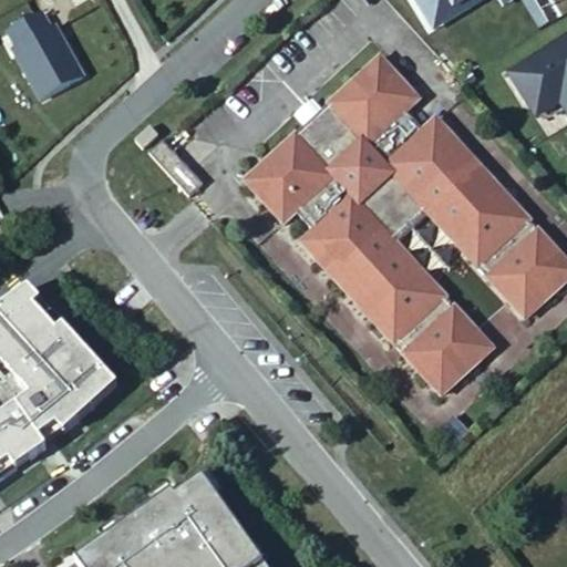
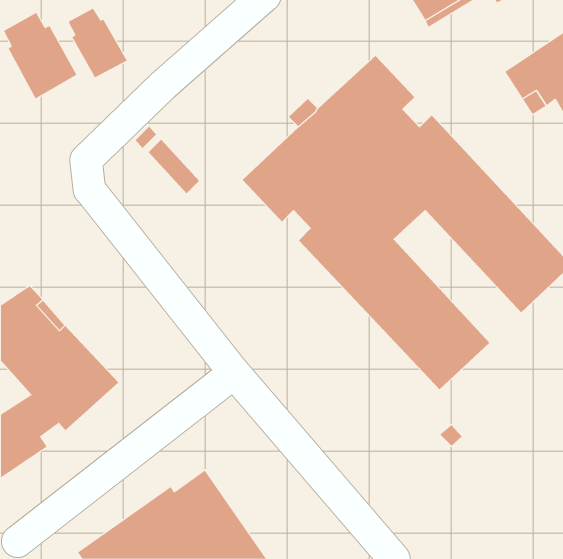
building: none -> [68,8,127,78]

